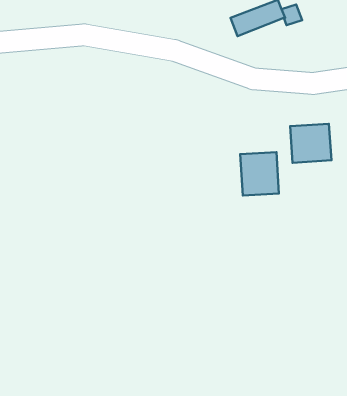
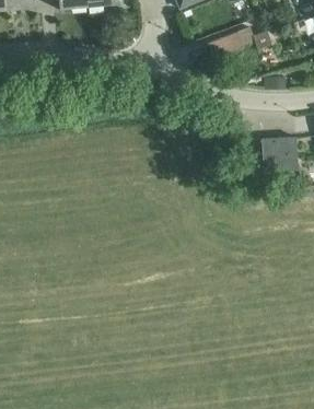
building: [240,152,279,196] -> none

